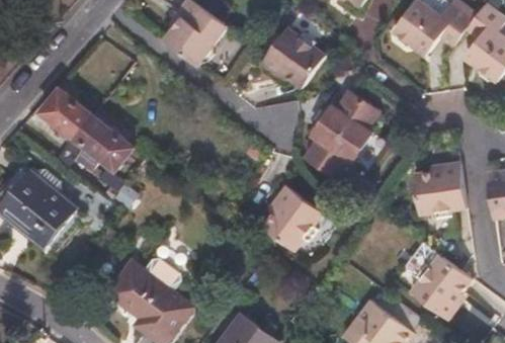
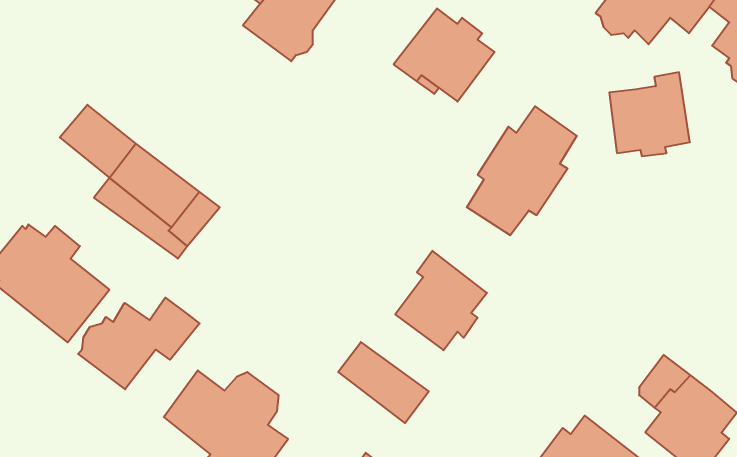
building: [413,160,466,215] -> [609,72,690,156]
building: none -> [78,298,200,389]
building: none -> [338,342,429,423]

